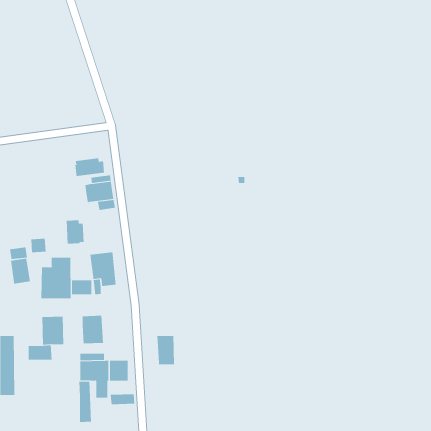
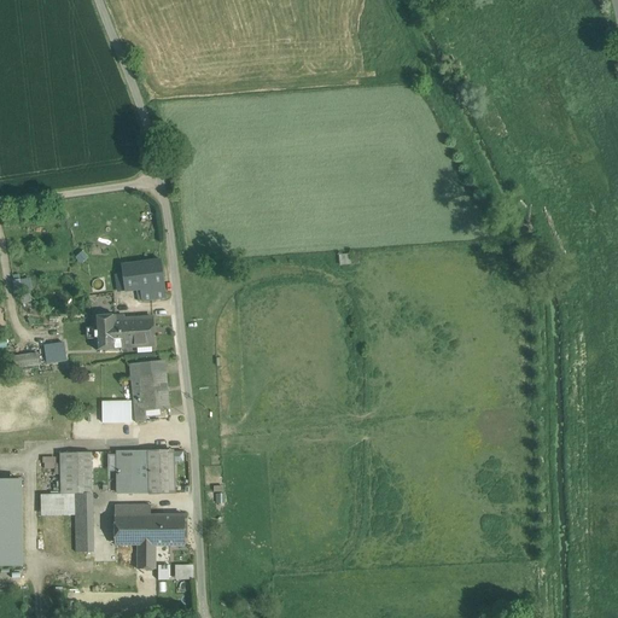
building: [75,157,105,177] -> none
building: none -> [119,316,153,346]
building: [41,257,71,299] -> none
building: [11,258,30,284] -> none
building: [156,335,175,365] -> [146,450,173,492]
building: [78,381,92,423] -> [74,492,93,552]

